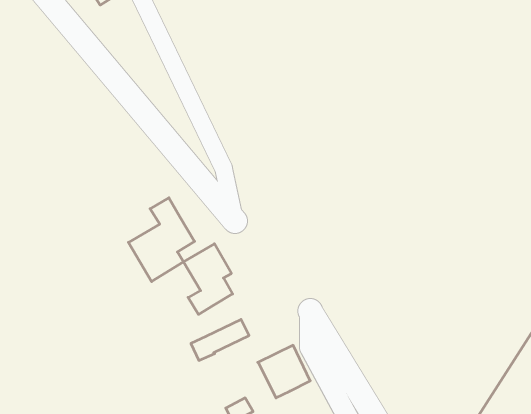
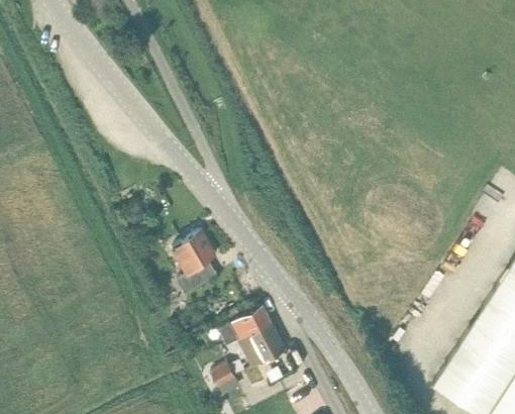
building: [128,198,195,282] -> none
building: [191,319,249,360] -> [219,308,271,344]

